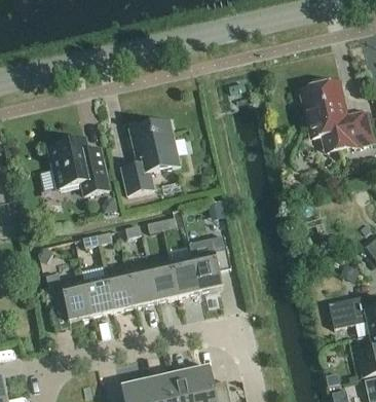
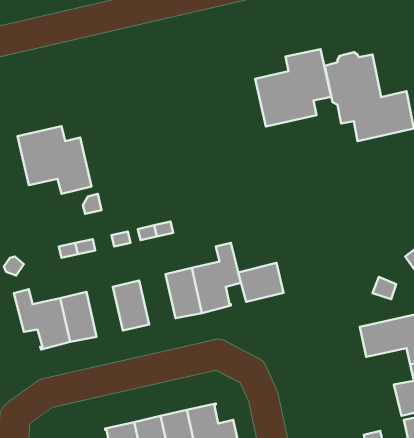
building: none -> [255,49,331,127]
building: [121,120,180,195] -> none
building: none -> [238,263,284,302]
building: [148,261,178,302] -> none
building: [105,271,135,313] -> none

